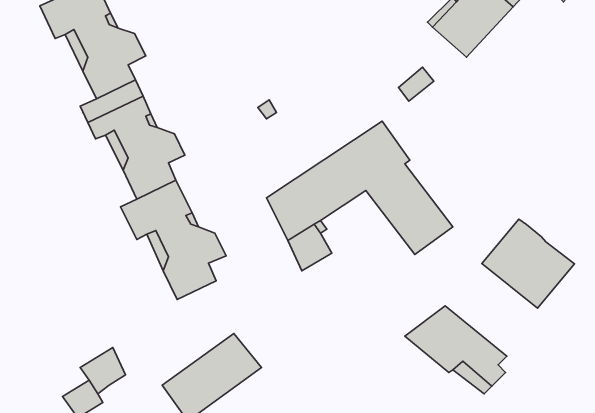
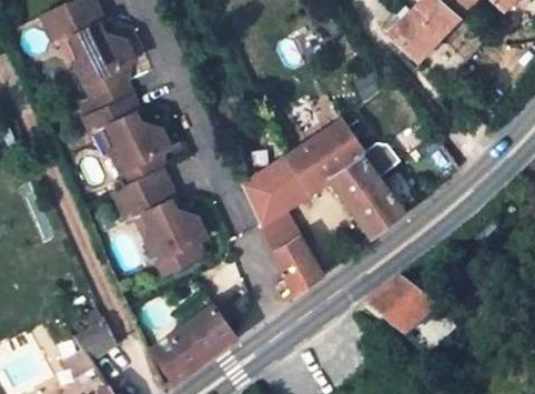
building: [482,219,574,308] -> none
building: none -> [272,234,322,294]

